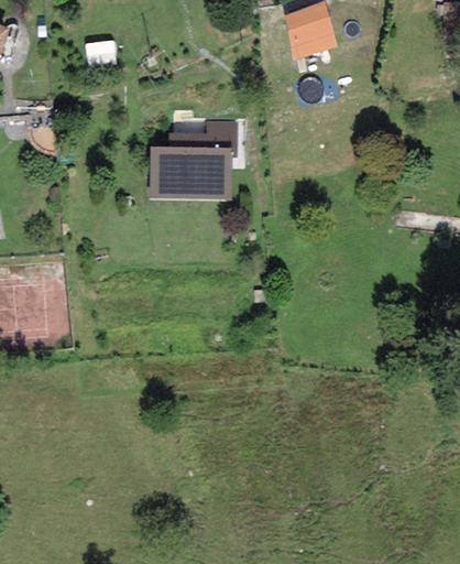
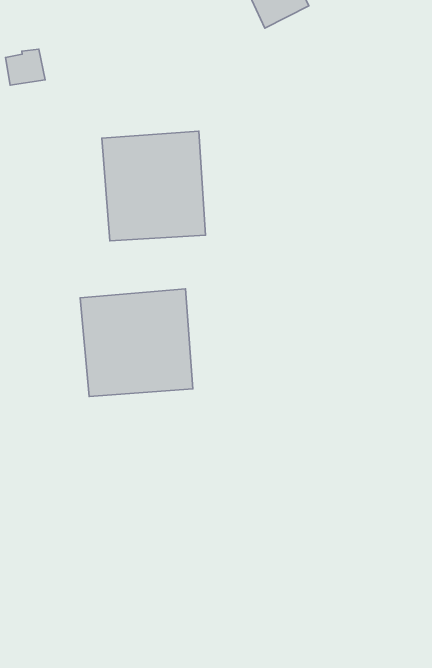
building: none -> [80,289,193,396]

